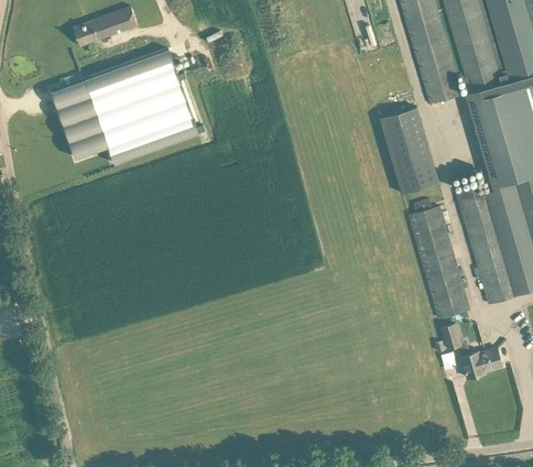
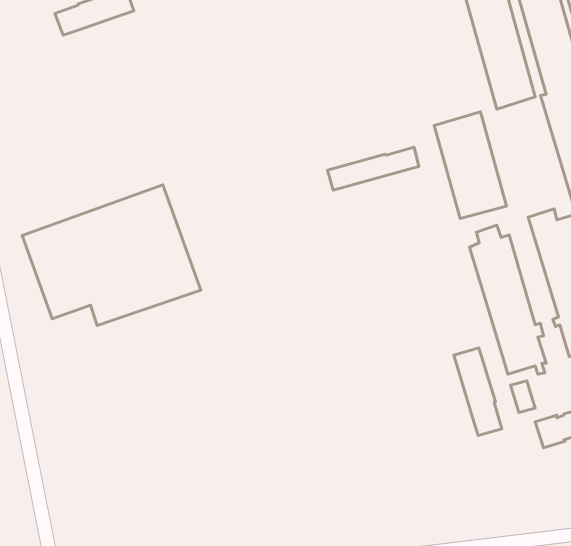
building: [44,52,188,165] -> [22,185,201,326]
building: none -> [328,147,419,190]
building: none -> [454,348,502,435]

